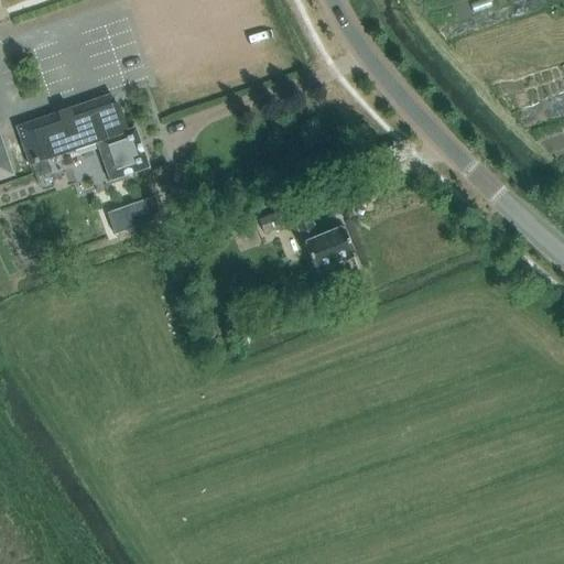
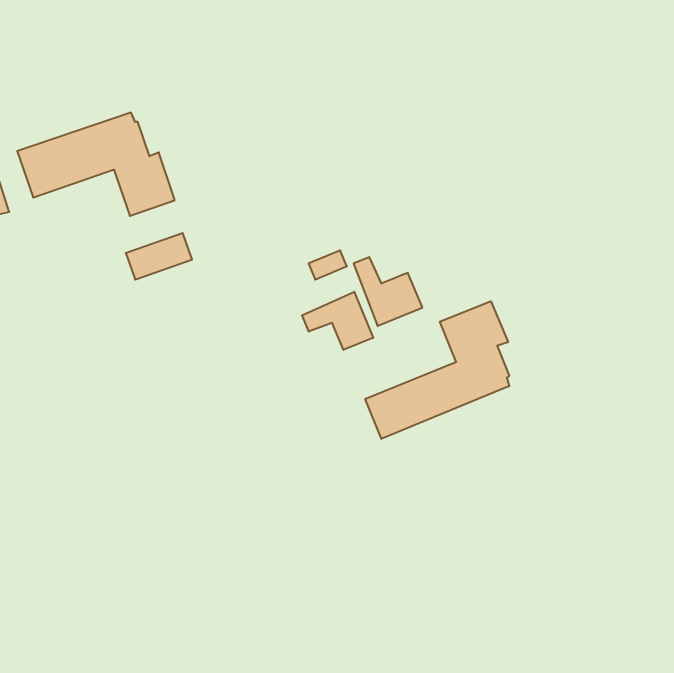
building: none -> [302,292,373,350]
building: none -> [365,301,509,439]

